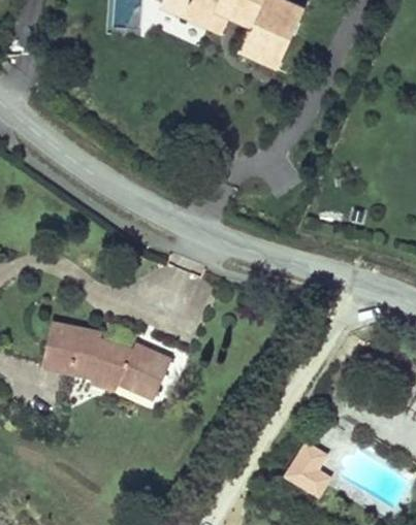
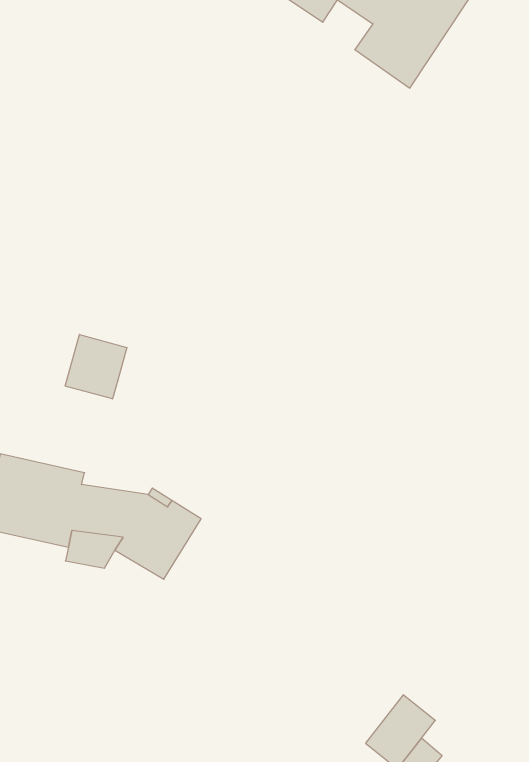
building: none -> [65,334,127,399]

